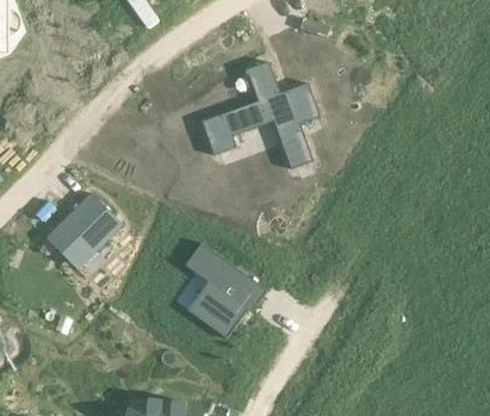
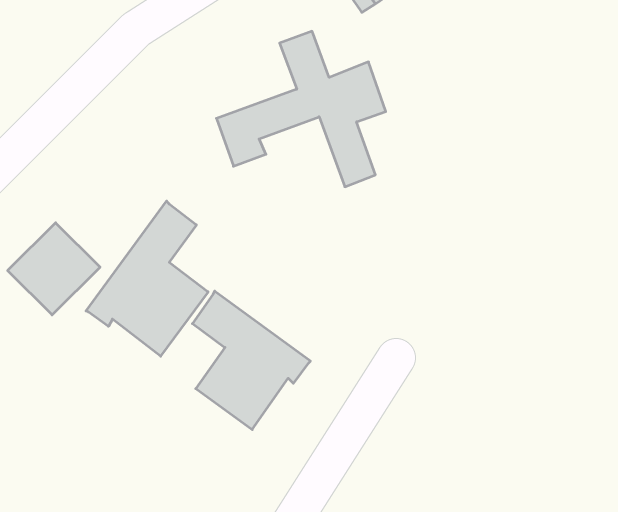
building: none -> [86,201,208,356]

